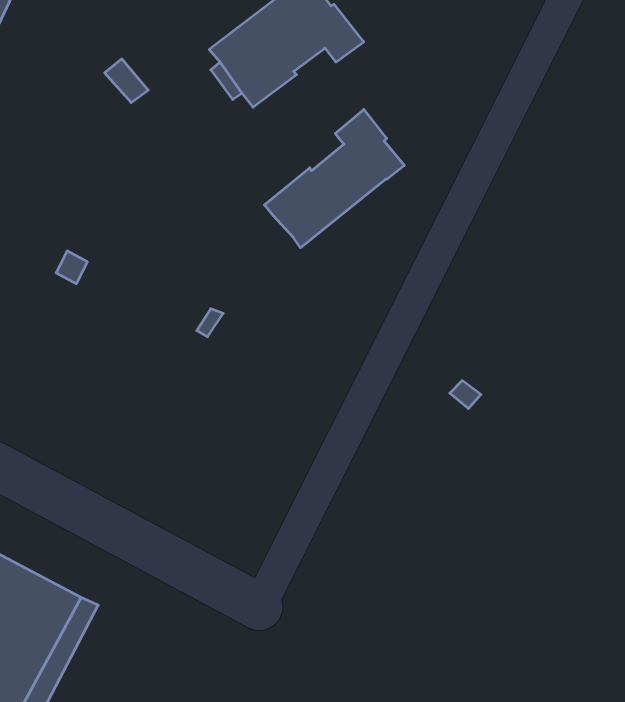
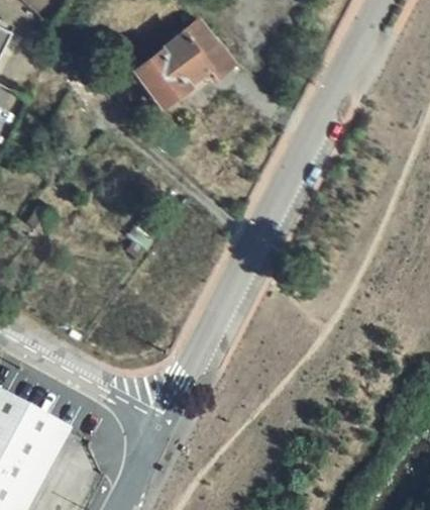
building: [264,109,404,248] -> none

